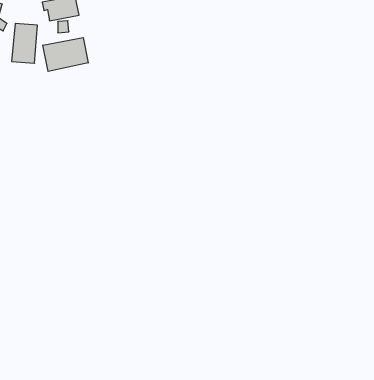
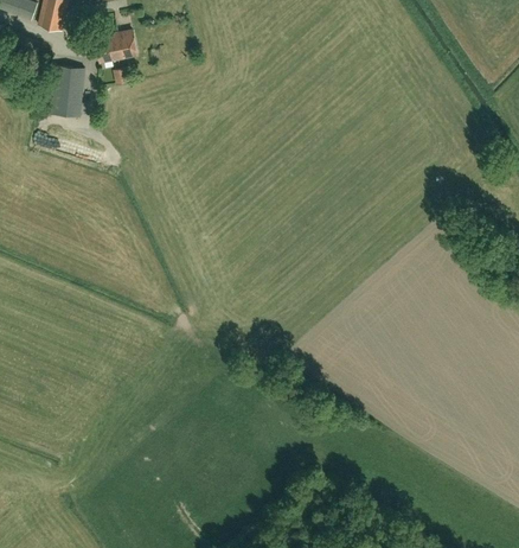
building: [43,38,88,71] -> none

